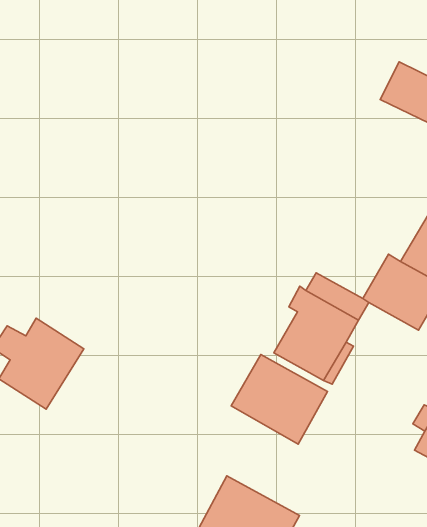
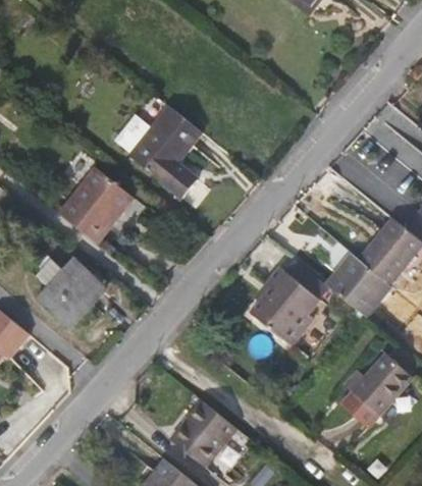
building: none -> [112,104,201,196]
building: none -> [59,166,131,240]
building: [231,354,328,444] -> none

